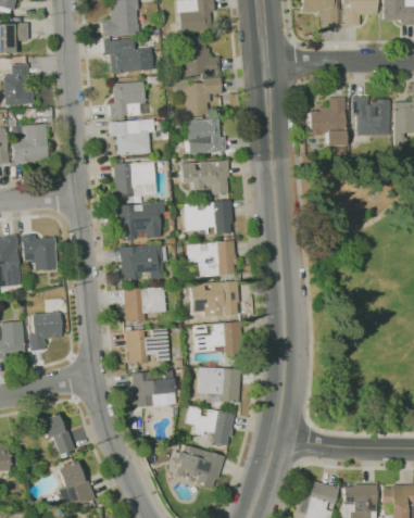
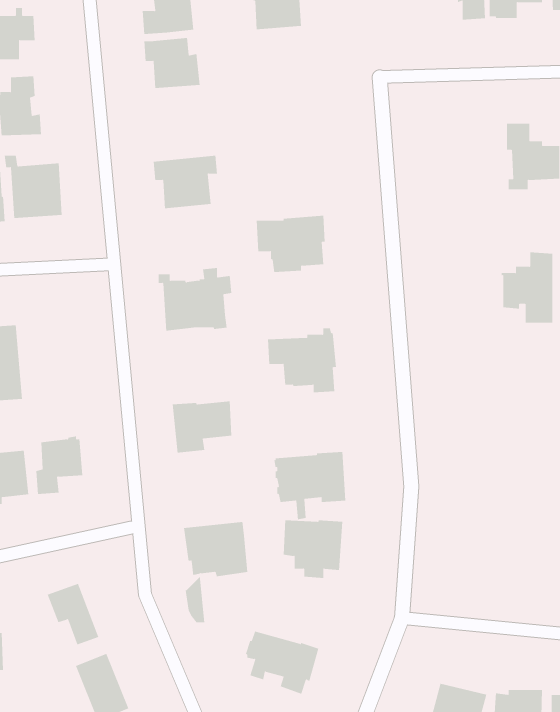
building: [173,36,219,75] -> none
building: [174,77,222,115] -> none
building: [109,81,147,117] -> none
building: [310,97,346,146] -> [501,252,553,323]
building: [188,118,226,152] -> none
building: [112,159,155,198] -> none
building: [185,199,233,236] -> none
building: [22,235,58,270] -> none
building: [120,243,166,280] -> none
building: [190,280,239,317] -> none
building: [126,328,170,364] -> none
building: [186,406,235,445] -> none

